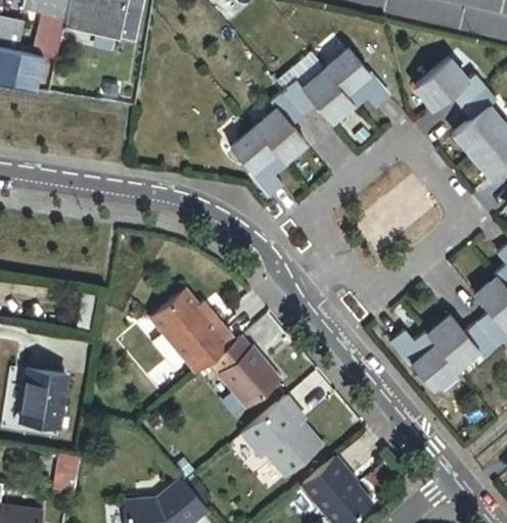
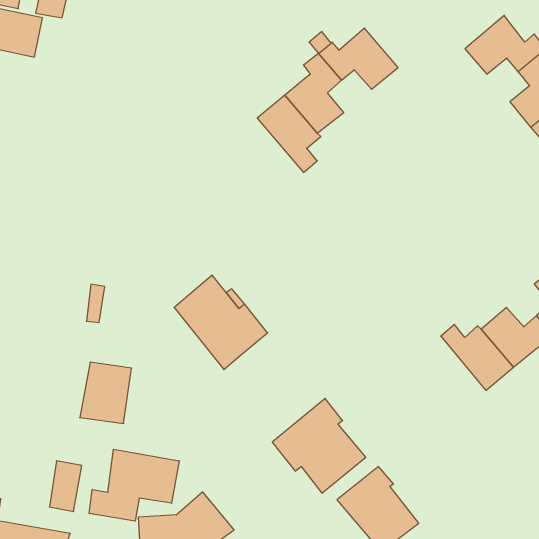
building: [324,49,388,107] -> none
building: [214,335,283,409] -> none
building: [12,371,58,425] -> [80,362,132,423]
building: none -> [89,449,179,521]

